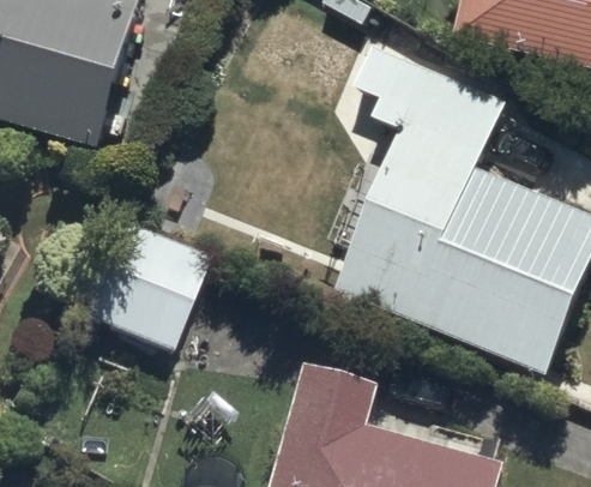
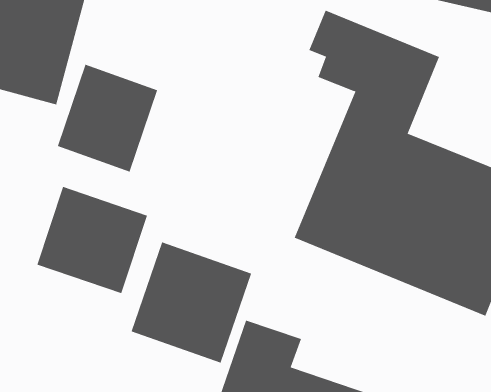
building: none -> [57,64,158,172]
building: none -> [131,241,252,364]

